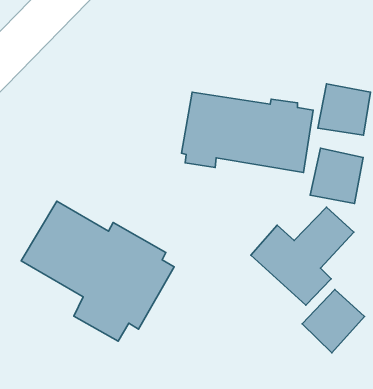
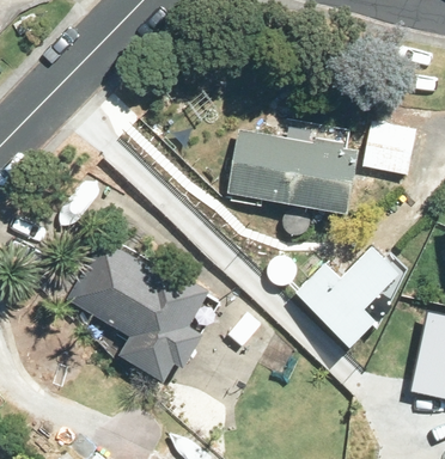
building: [310,148,363,203] -> none
building: [302,289,365,353] -> none

